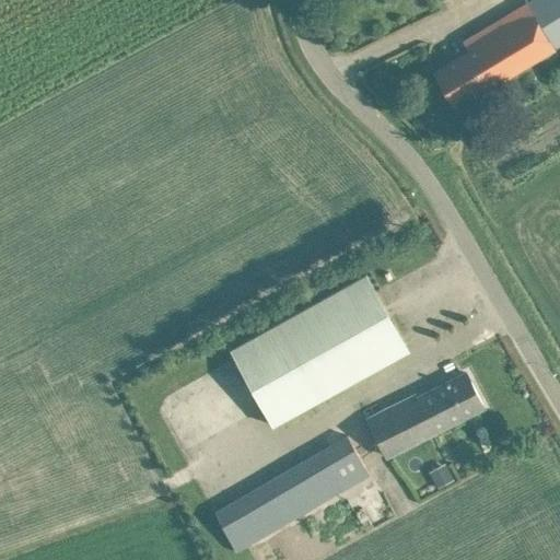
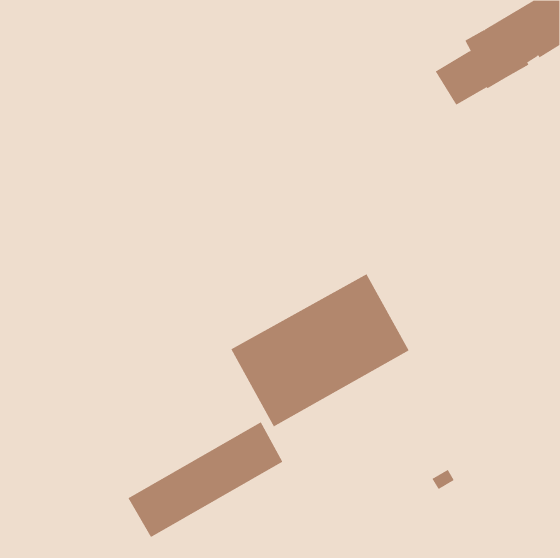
building: [366,375,483,459] -> none
building: [213,436,369,552] -> [127,421,283,538]

